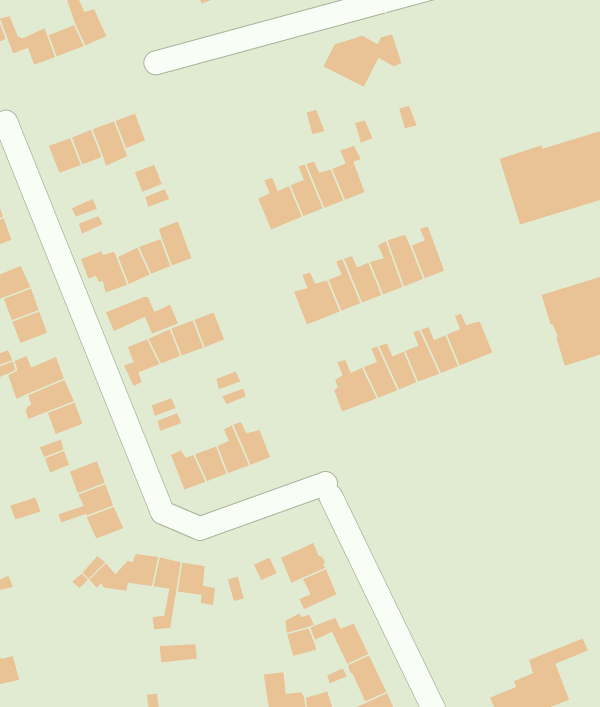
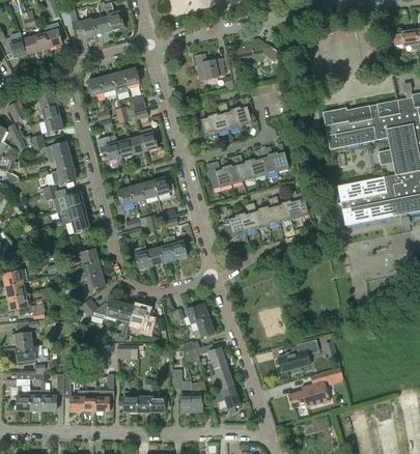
building: none -> [195,53,224,81]
building: [105,296,179,334] -> none
building: none -> [277,339,318,372]

